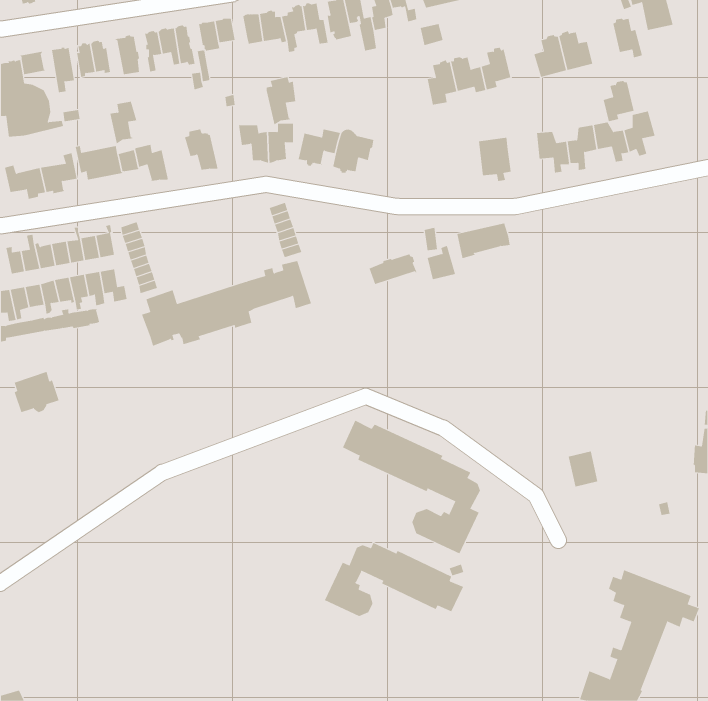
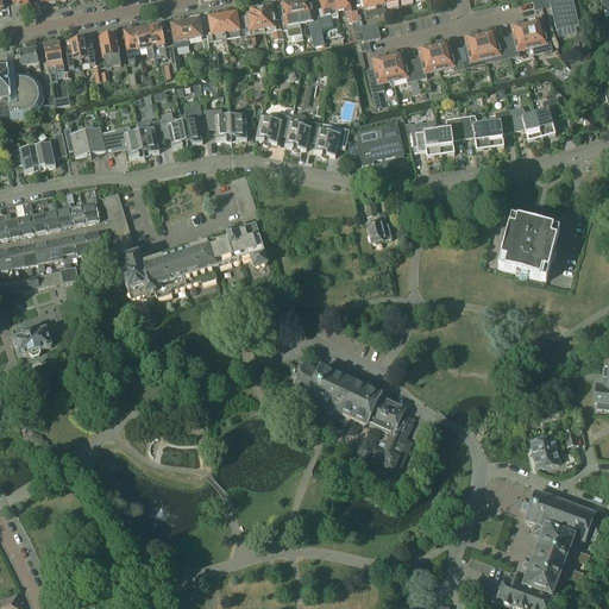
building: none -> [433,38,464,69]
building: [266,77,296,126] -> [181,103,207,146]
building: [603,80,635,122] -> [504,19,532,55]
building: [109,101,137,145] -> [139,118,163,156]
building: none -> [437,114,463,153]
building: none -> [313,124,350,156]
building: [456,223,510,259] -> [357,132,403,163]
building: none -> [497,215,559,278]
building: [369,253,417,285] -> none
building: [568,451,598,487] -> [532,435,558,466]
building: [324,542,464,617] -> none

